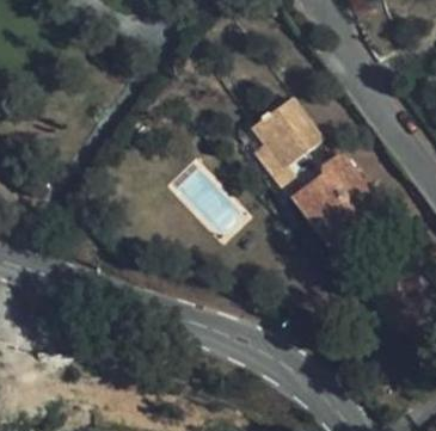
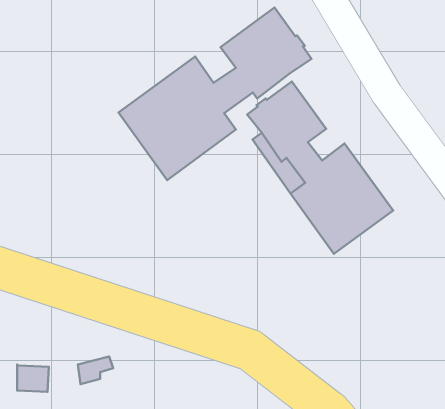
building: none -> [118,8,311,180]

